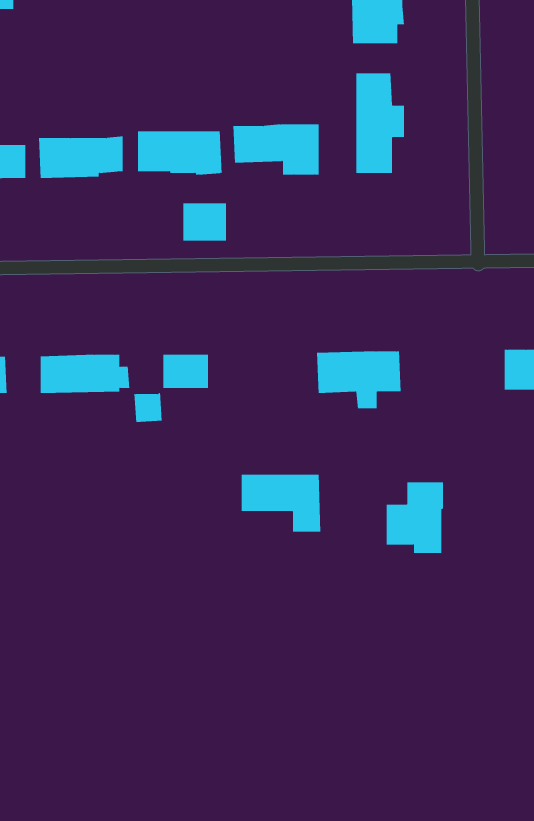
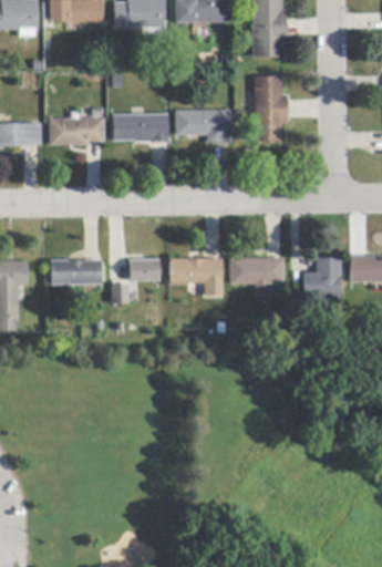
building: [183,202,226,242] -> none
building: [241,474,321,532] -> [171,258,223,296]
building: [386,482,444,554] -> [303,258,341,305]

